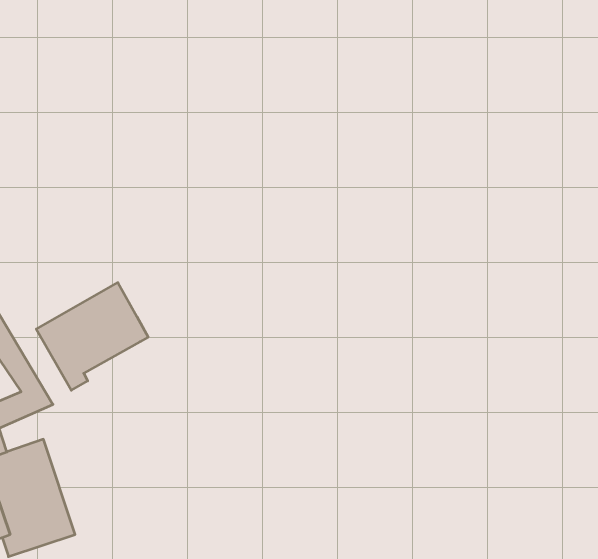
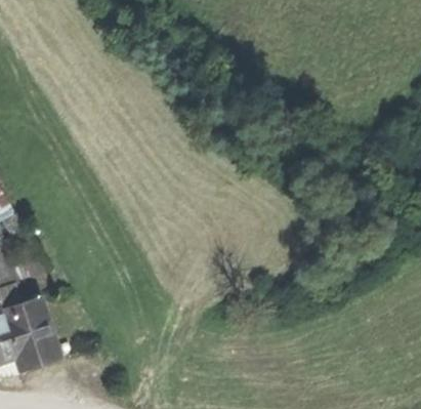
building: [36,283,148,390] -> none

